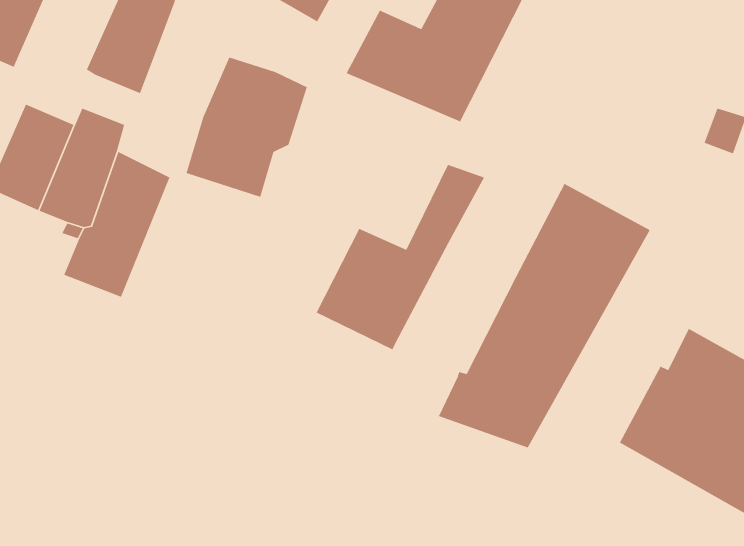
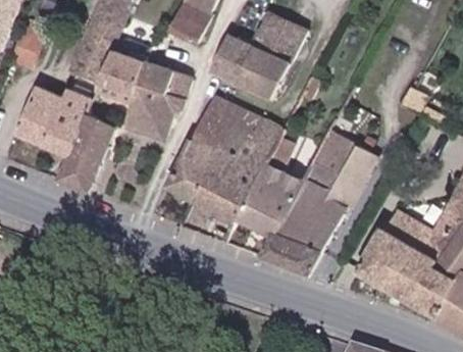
building: none -> [101,49,146,94]
building: none -> [165,96,264,200]
building: none -> [237,162,301,235]

